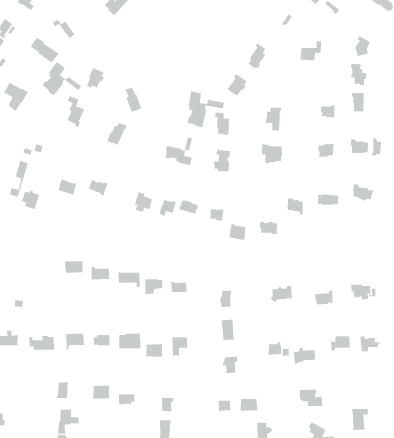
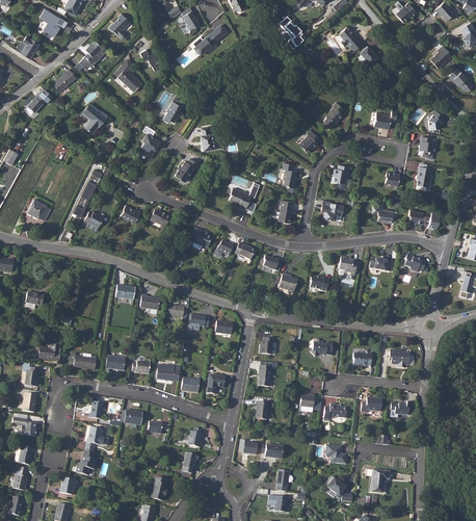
building: [41,61,82,97] -> none
building: [187,90,225,128] -> none

